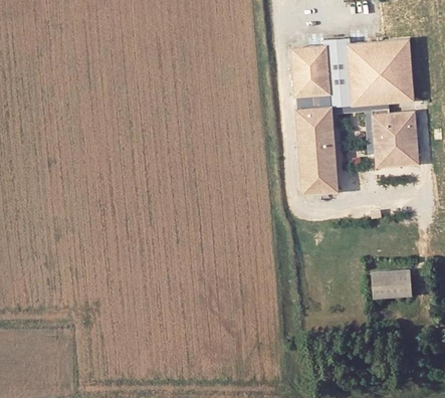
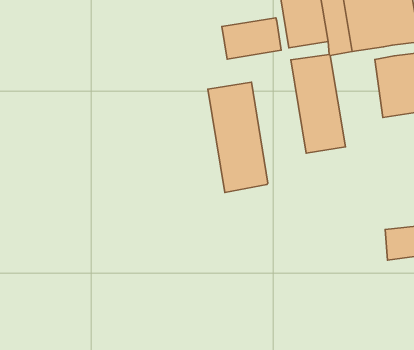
building: none -> [222,18,281,59]
building: none -> [208,82,268,193]

